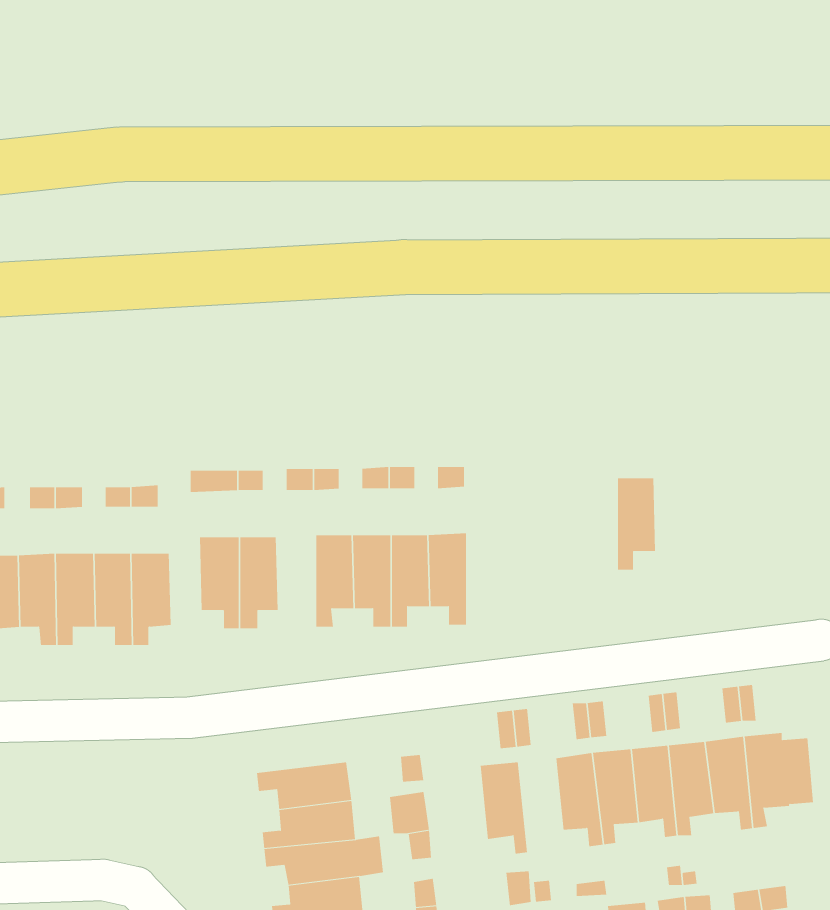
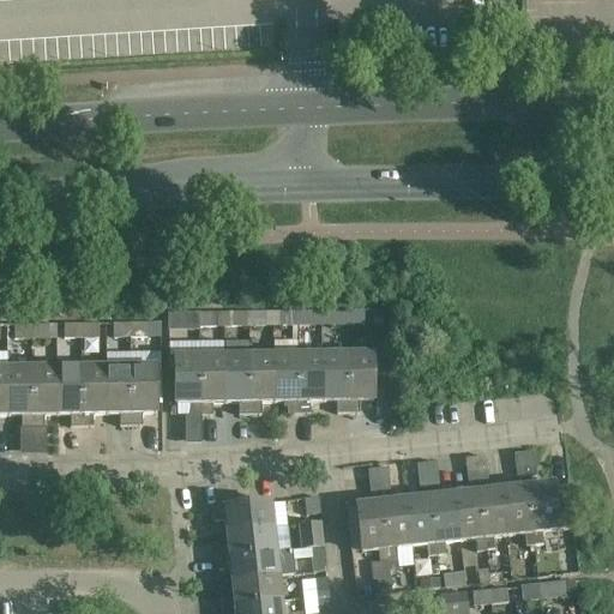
building: [617,478,656,570] -> [349,349,374,409]
building: none -> [225,350,251,410]
building: none -> [383,495,411,556]

